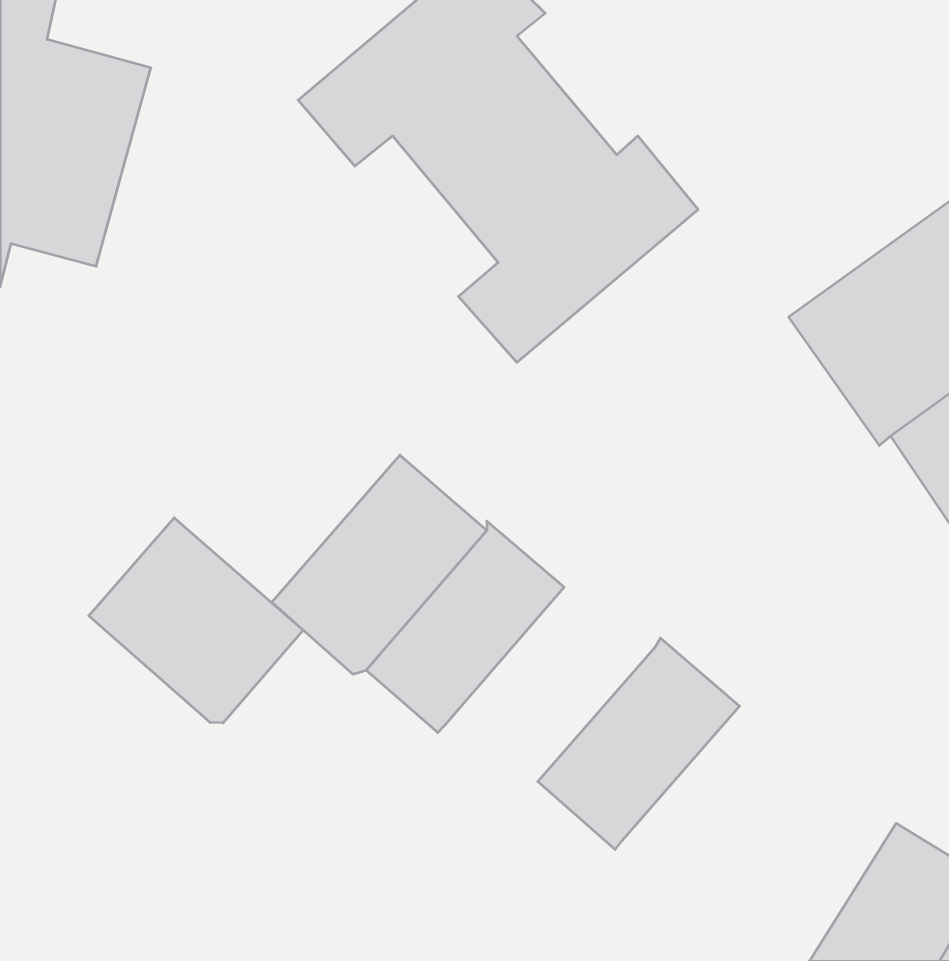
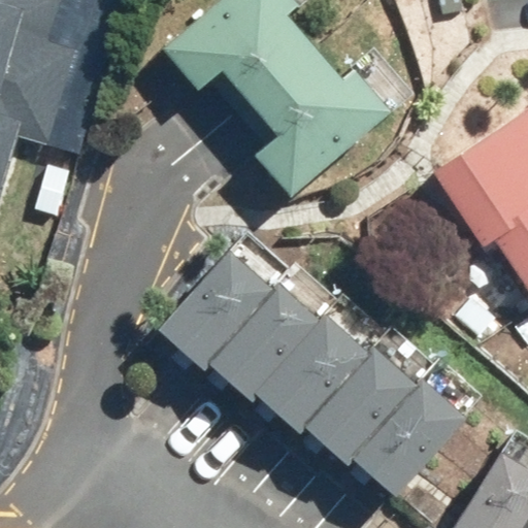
building: [89,518,303,723] -> none
building: none -> [252,315,366,434]
building: none -> [349,378,463,496]

